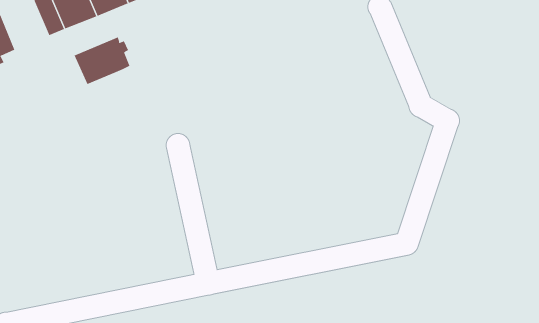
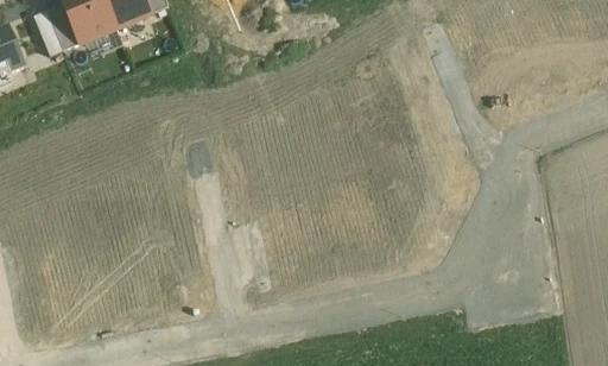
building: [74,37,130,85] -> none

